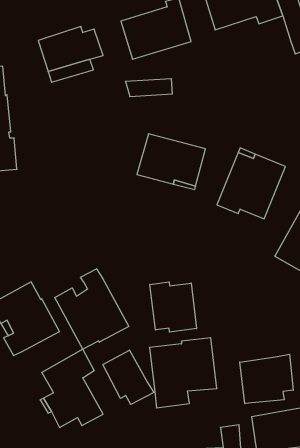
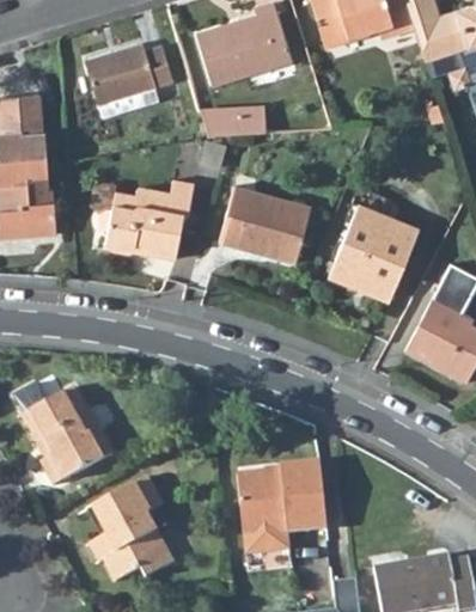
building: none -> [96,178,194,257]
building: [55,269,129,349] -> none
building: [150,282,197,332] -> none
building: [103,350,154,404] -> none
building: [240,354,293,404] -> none

